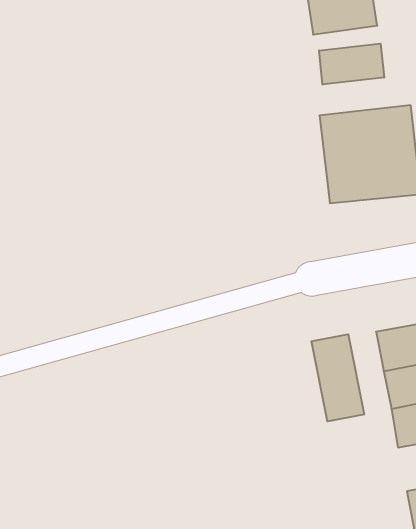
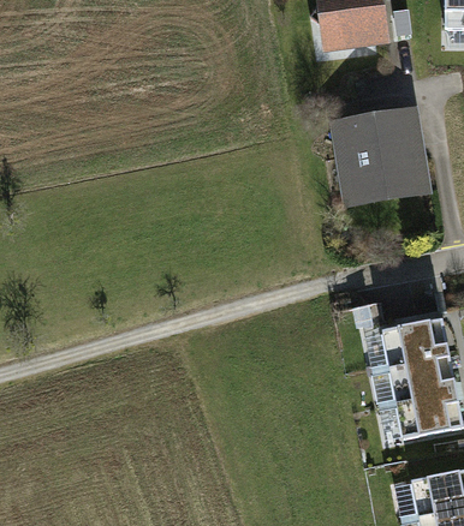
building: [319,44,384,85] -> none
building: [311,334,364,421] -> none

